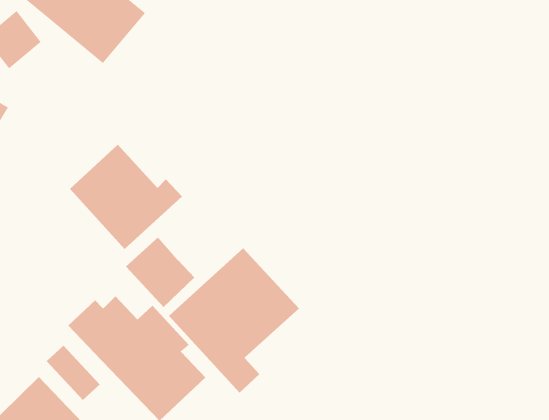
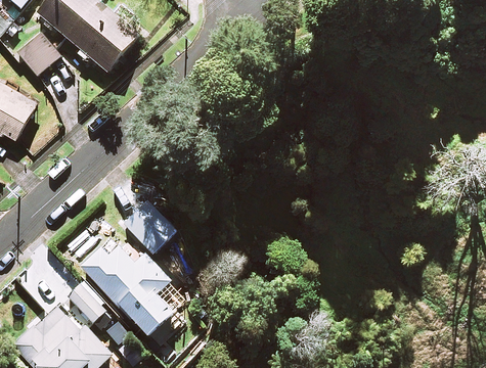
building: [69,144,183,250] -> none
building: [168,247,300,393] -> none

